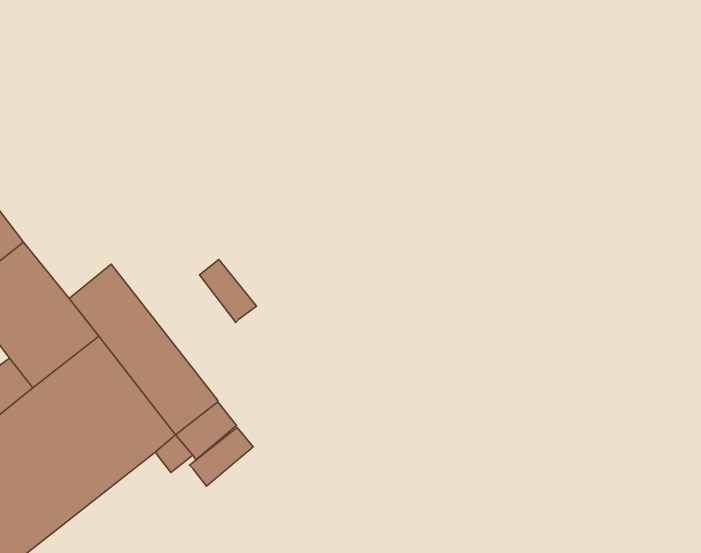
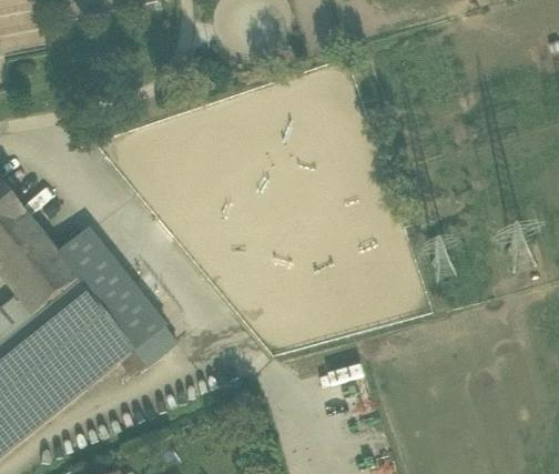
building: [199,259,257,323] -> none
building: [189,428,253,486] -> none

